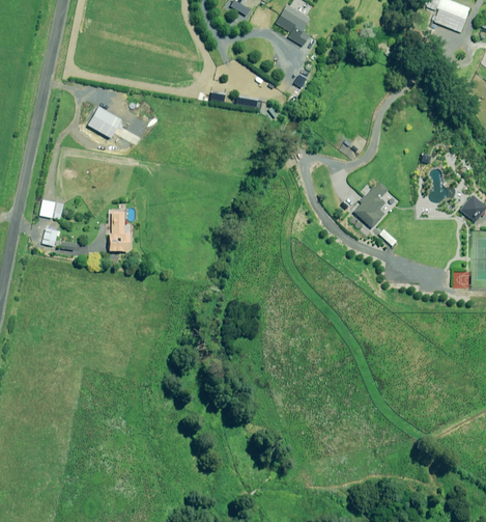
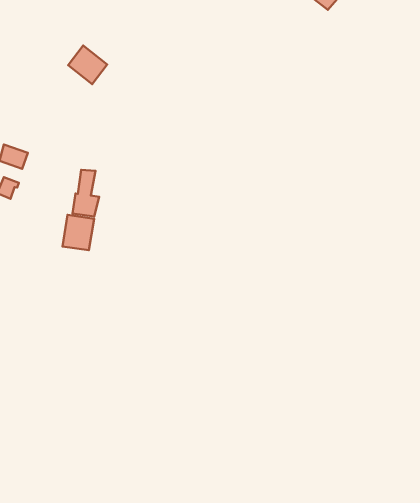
building: [353,182,388,227] -> none
building: none -> [63,215,94,250]

